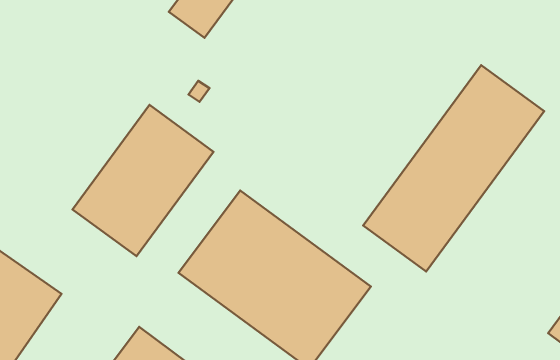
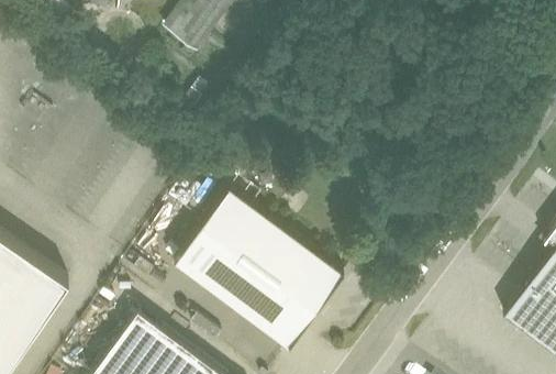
building: [363,65,544,271] -> none
building: [73,105,214,256] -> none

